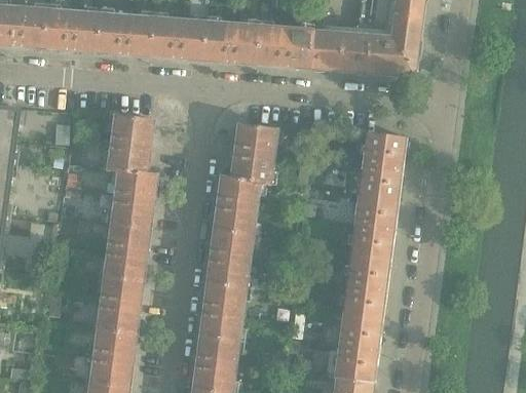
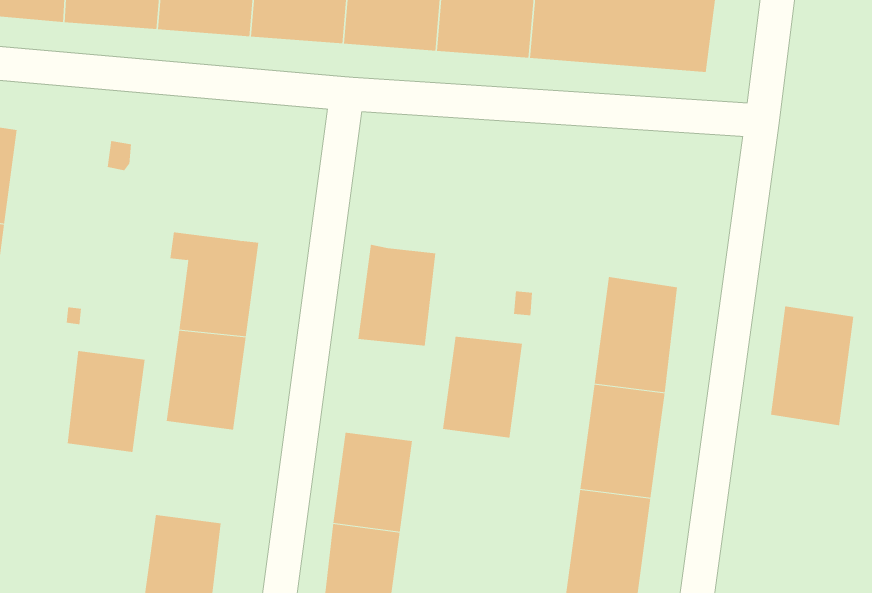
building: [103,114,153,172] -> none
building: [231,123,276,182] -> none
building: [358,130,406,199] -> [770,306,854,426]
building: [206,229,253,287] -> [442,336,523,438]
building: [98,276,143,335] -> [67,351,146,452]

